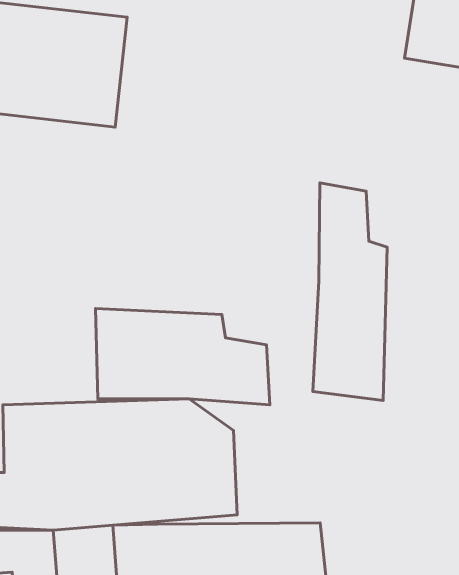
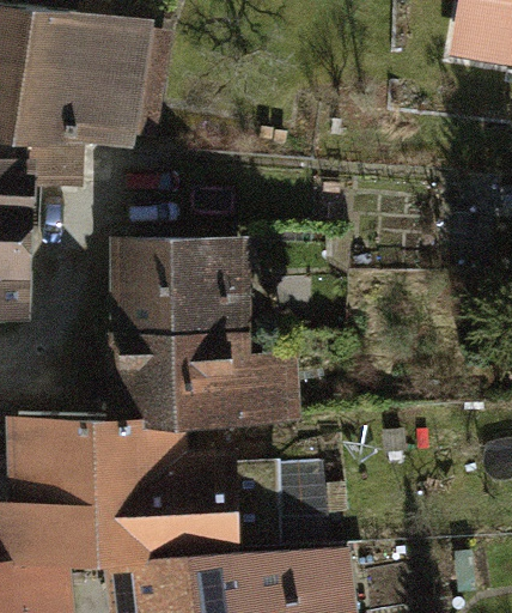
building: [313,183,387,400] -> none
building: none -> [122,235,252,332]

